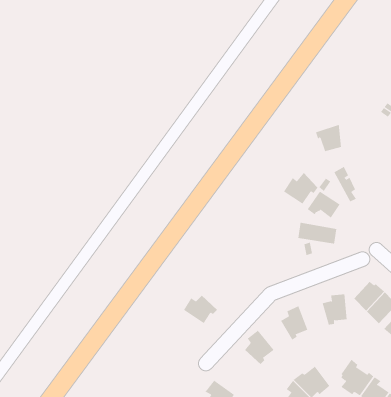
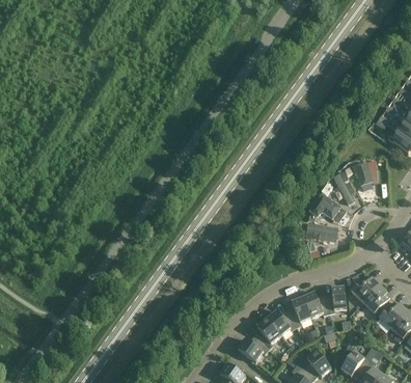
building: [315,124,342,152] -> [352,159,376,184]
building: [283,172,318,205] -> none
building: [183,295,218,324] -> [237,335,268,361]
building: none -> [302,291,328,318]
building: none -> [266,309,296,335]

